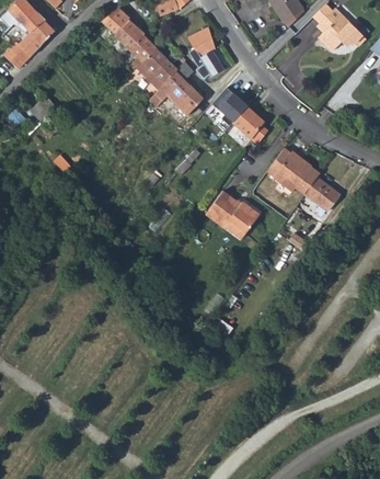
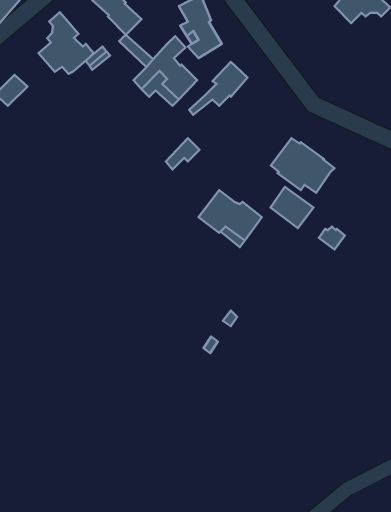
building: none -> [38,12,93,74]
building: [142,47,177,81] -> none
building: [231,103,267,142] -> none
building: [303,176,339,212] -> [271,187,313,228]

